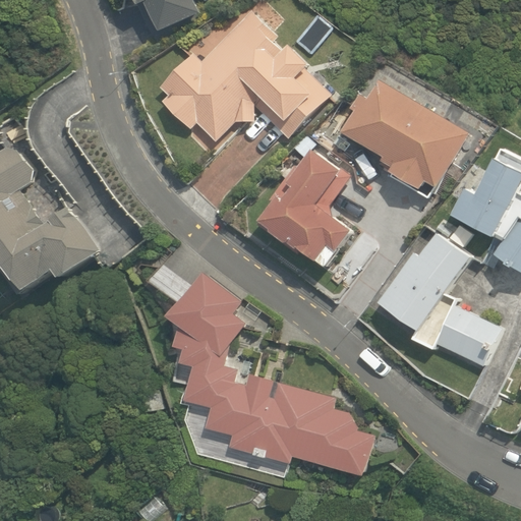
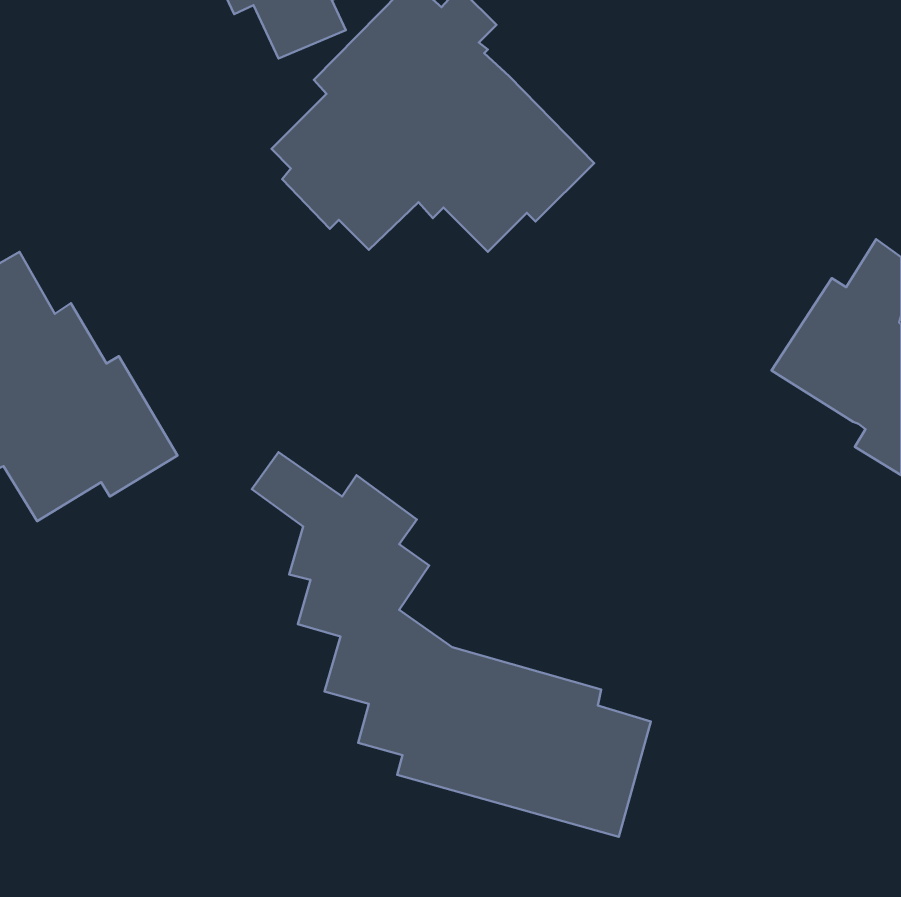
building: [344,77,470,191] -> none
building: [258,150,355,273] -> none
building: [375,227,503,368] -> none

